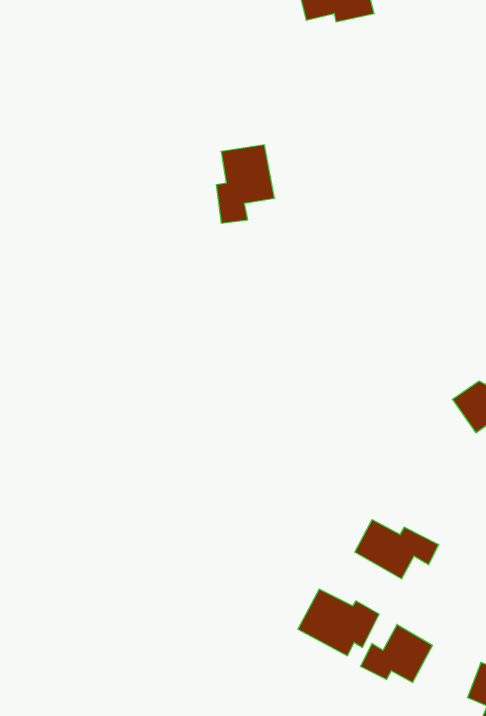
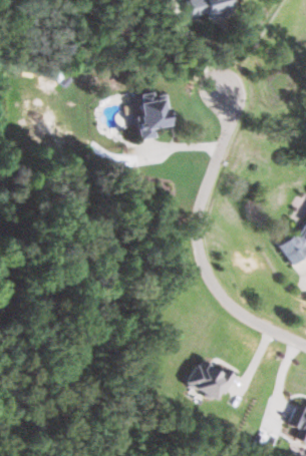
building: [355,520,439,579] -> none
building: [360,624,432,682] -> none

